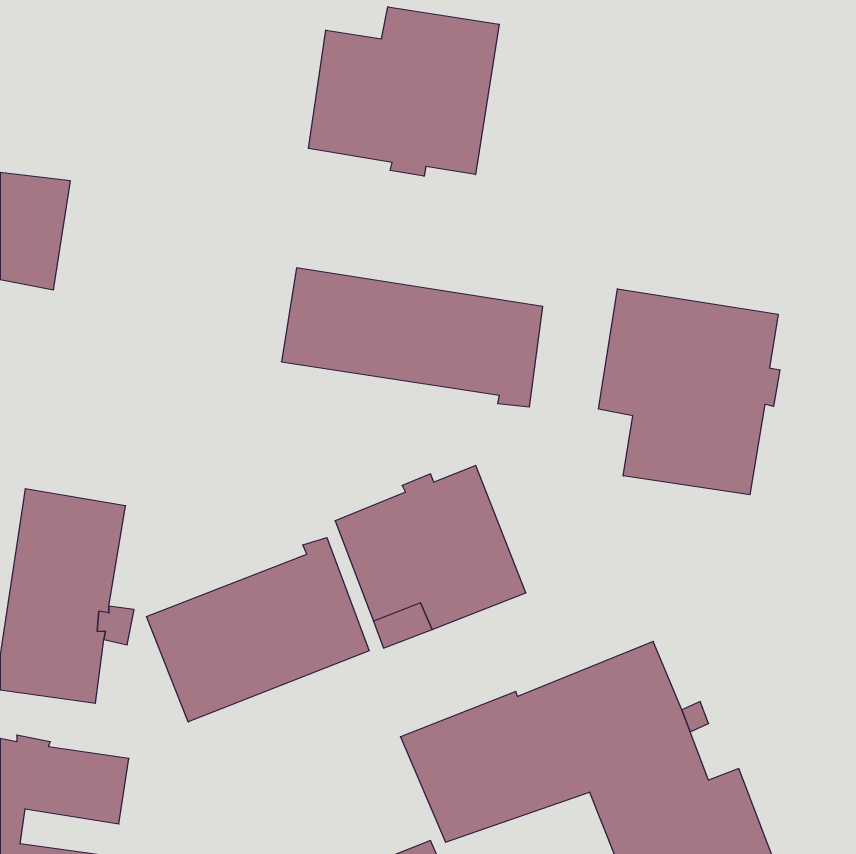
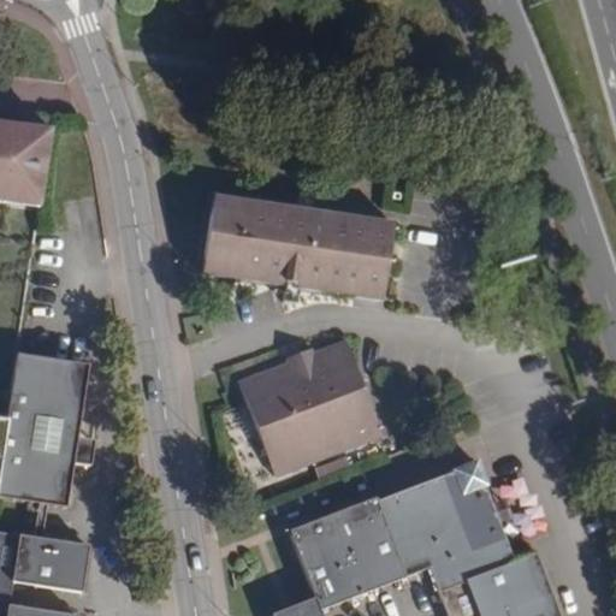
building: [308,7,499,176] -> none
building: [599,289,780,495] -> none
building: [146,538,369,722] -> none

